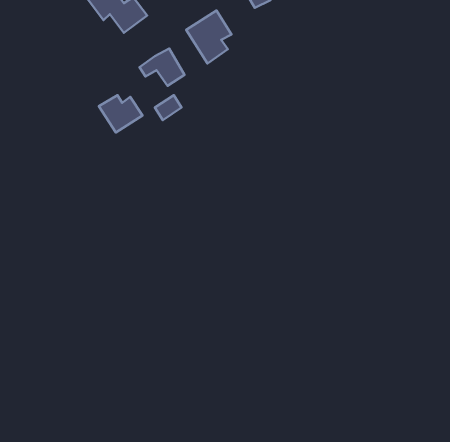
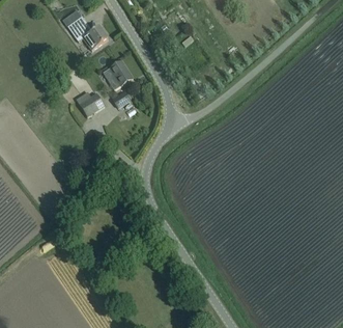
building: [186,10,232,64] -> none

